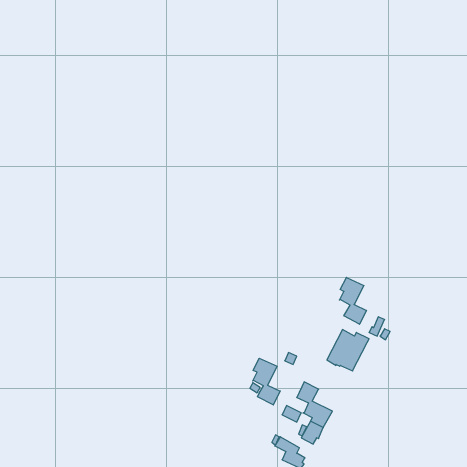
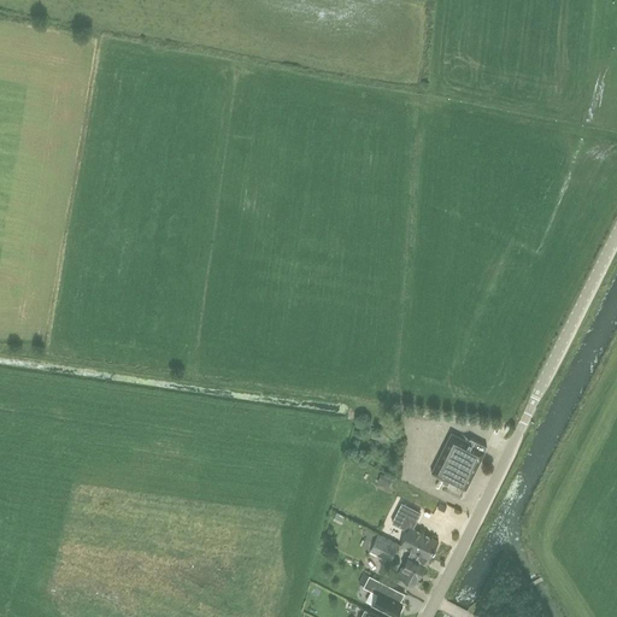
building: [339,277,366,324] -> none
building: [253,358,280,405] -> none

